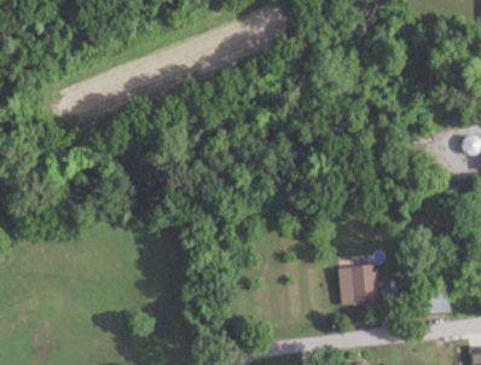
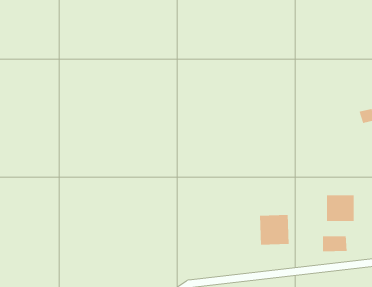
building: none -> [326,194,355,222]

